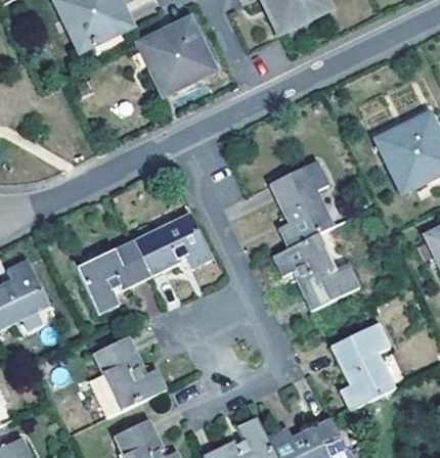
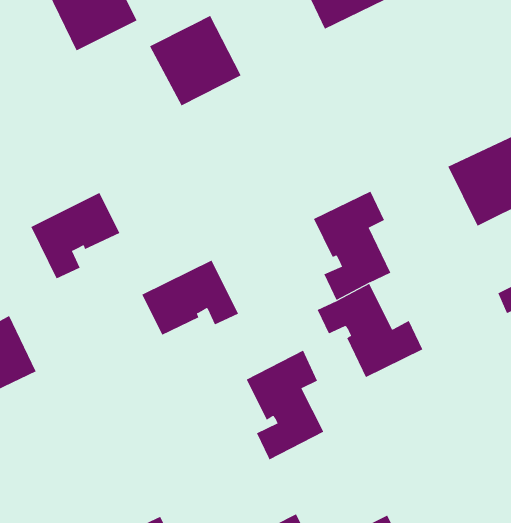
building: [78,242,149,312] -> [31,192,120,279]
building: [332,322,394,410] -> [246,350,324,460]
building: [93,335,166,409] -> none

